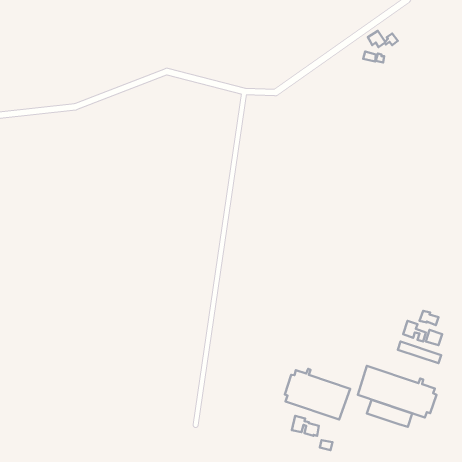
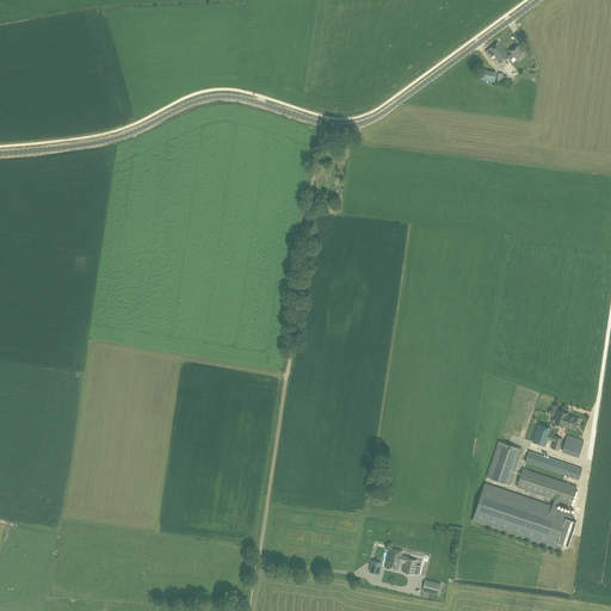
building: none -> [486,439,521,483]
building: [285,369,350,420] -> none
building: [367,400,412,427] -> [516,468,575,504]

